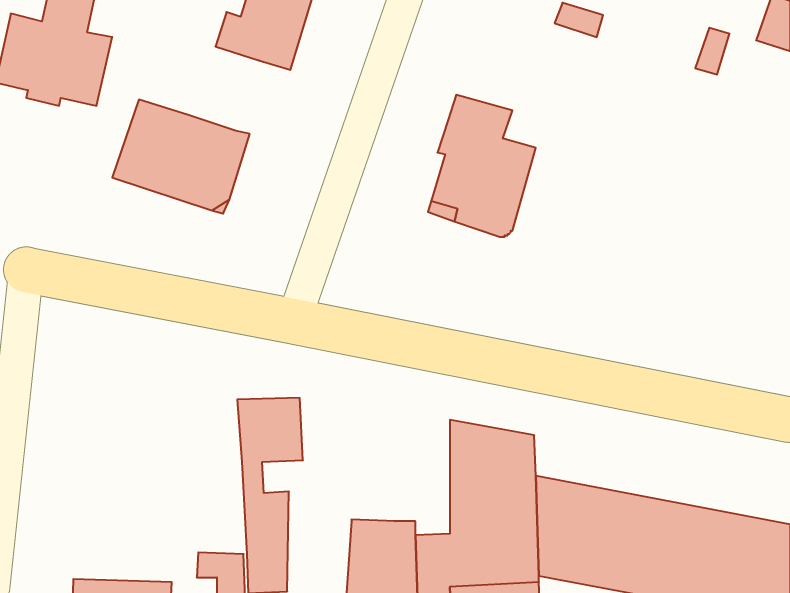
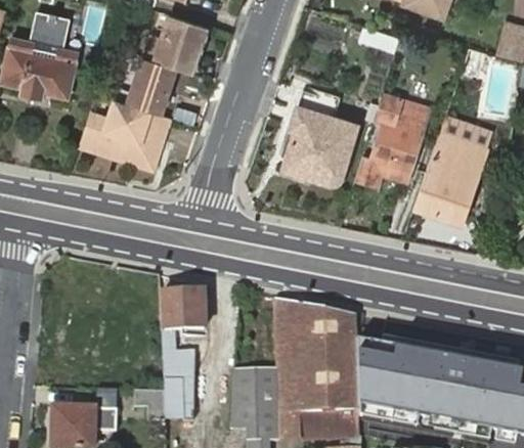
building: none -> [129,57,175,114]
building: none -> [356,93,427,185]
building: none -> [414,116,492,221]
building: none -> [274,298,300,378]

